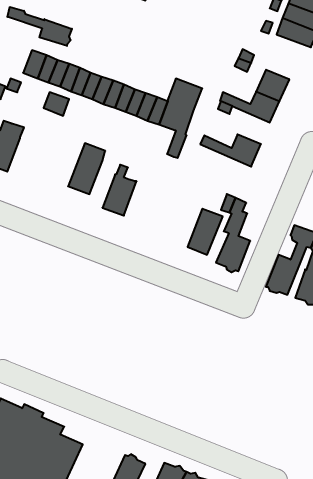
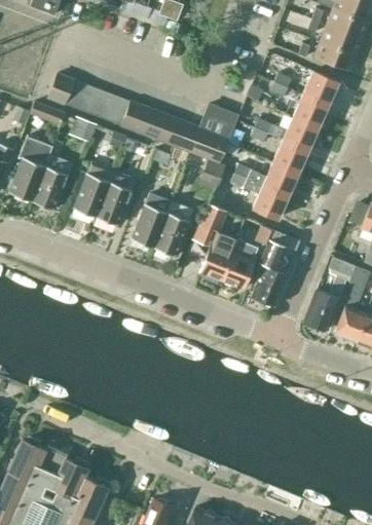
building: [7,7,72,46] -> none
building: none -> [303,71,338,105]
building: none -> [273,140,307,173]
building: none -> [32,161,71,210]
building: none -> [74,163,113,217]
building: none -> [231,173,288,219]
building: none -> [154,201,193,256]
building: none -> [192,202,236,280]

